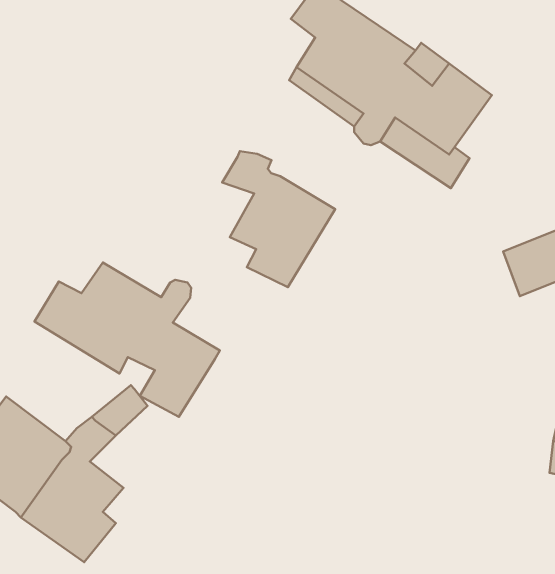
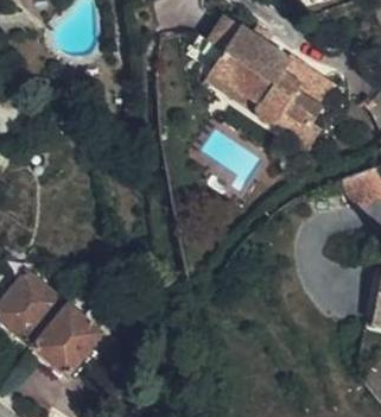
building: [222,151,335,287] -> none
building: [35,262,220,417] -> none

